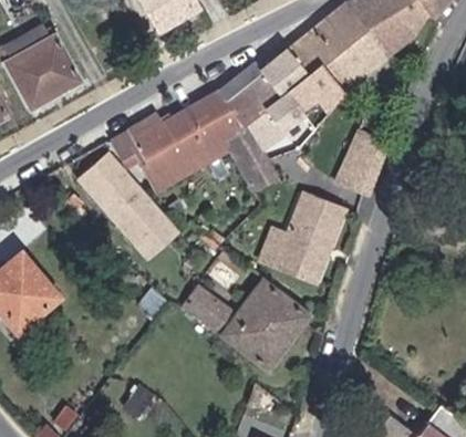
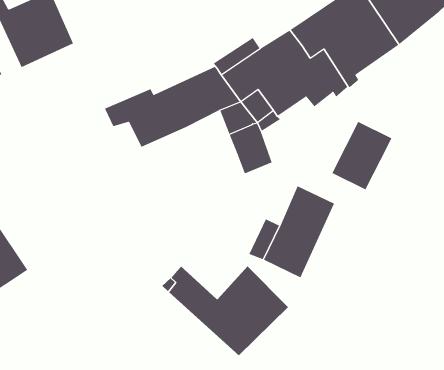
building: [84,157,180,259] -> none

